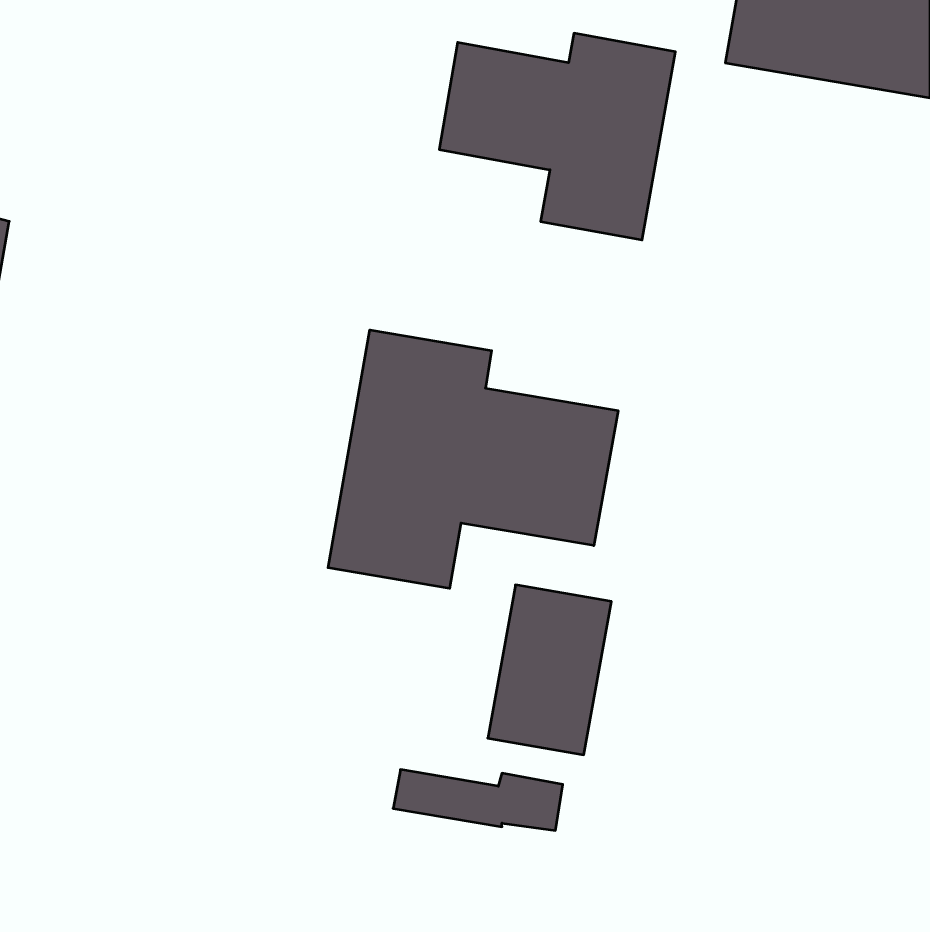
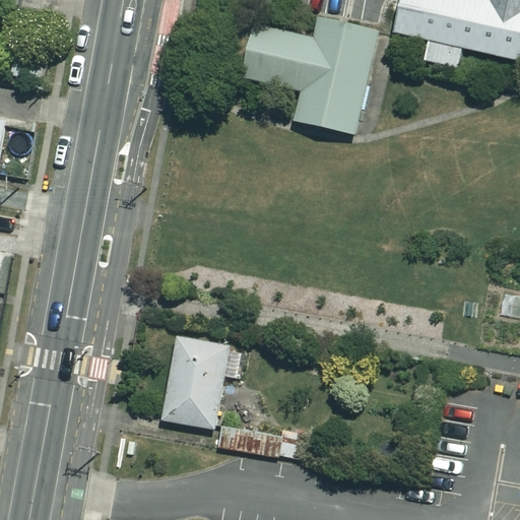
building: [328,330,618,588] -> none
building: [488,585,611,755] -> [161,336,230,430]

